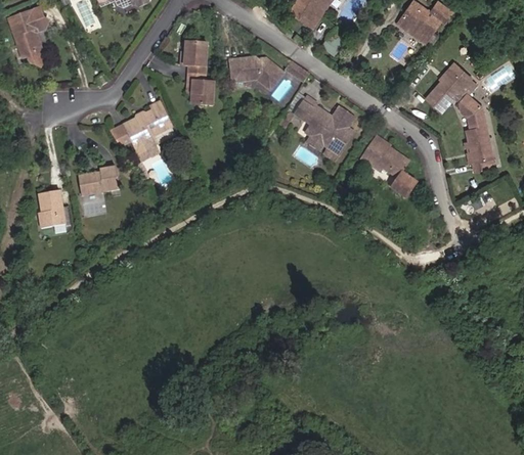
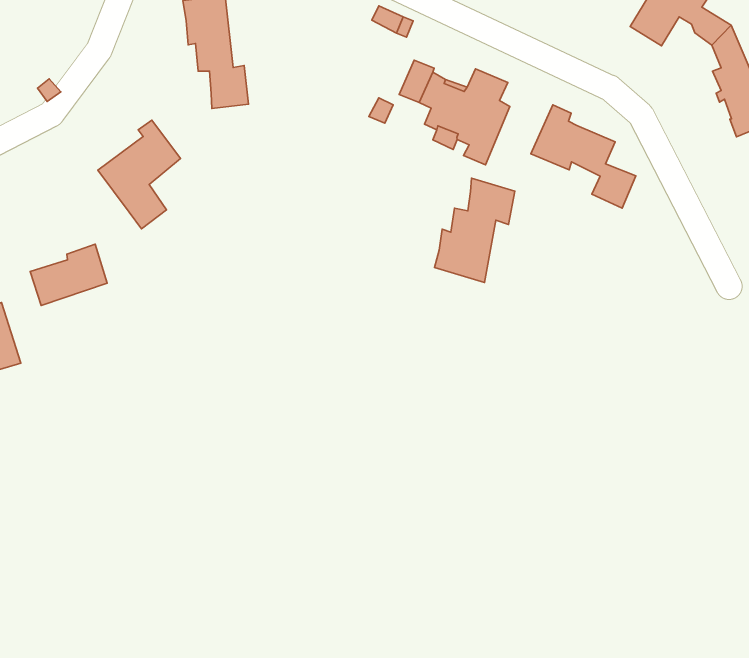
building: [229,58,282,90] -> none
building: none -> [435,178,515,282]

